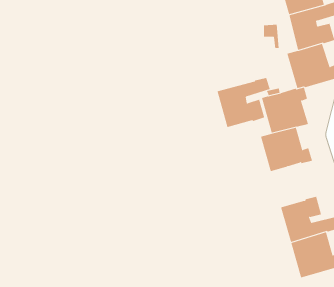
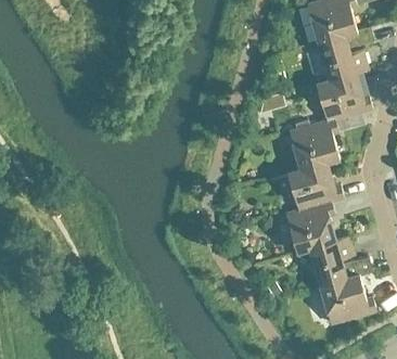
building: [217,77,270,128] -> none
building: none -> [283,200,333,252]

